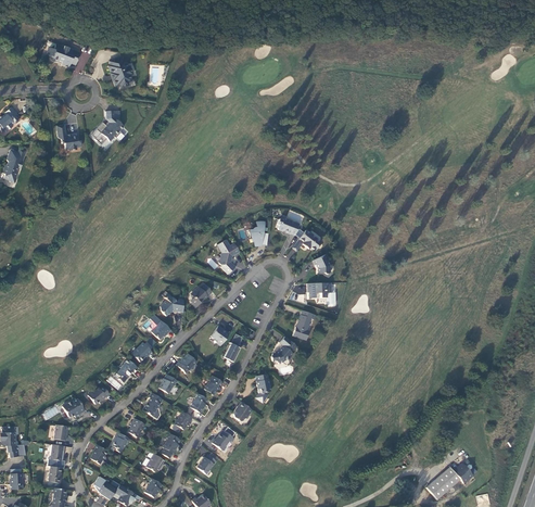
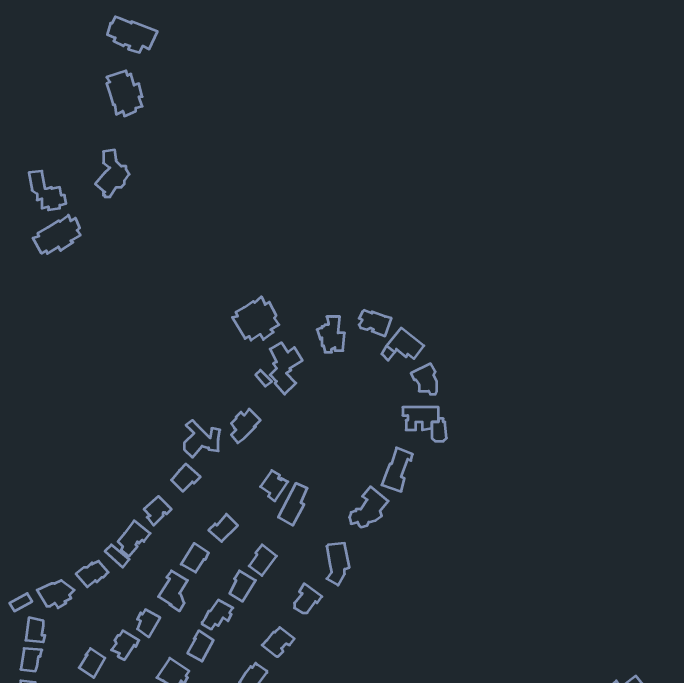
building: [47,42,80,66] -> [107,17,157,52]
building: none -> [33,215,80,254]
building: none -> [232,297,279,340]

